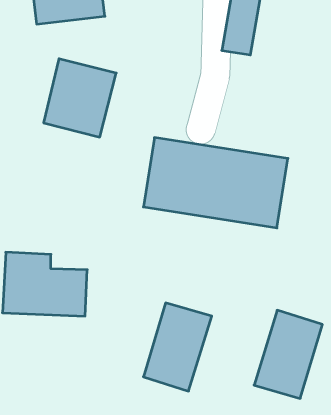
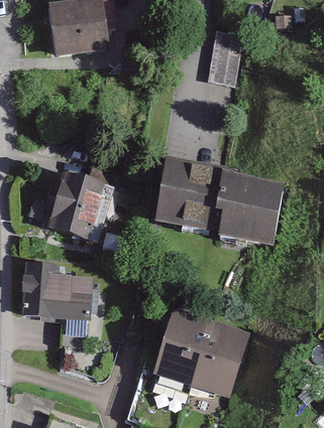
building: [44,59,116,137] -> [46,173,113,245]
building: [254,310,322,398] -> [187,321,249,402]

